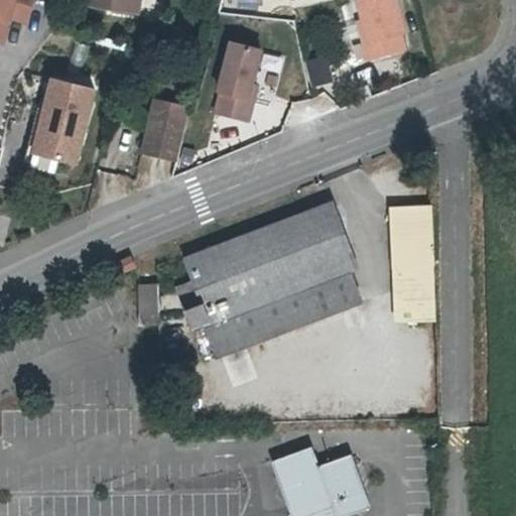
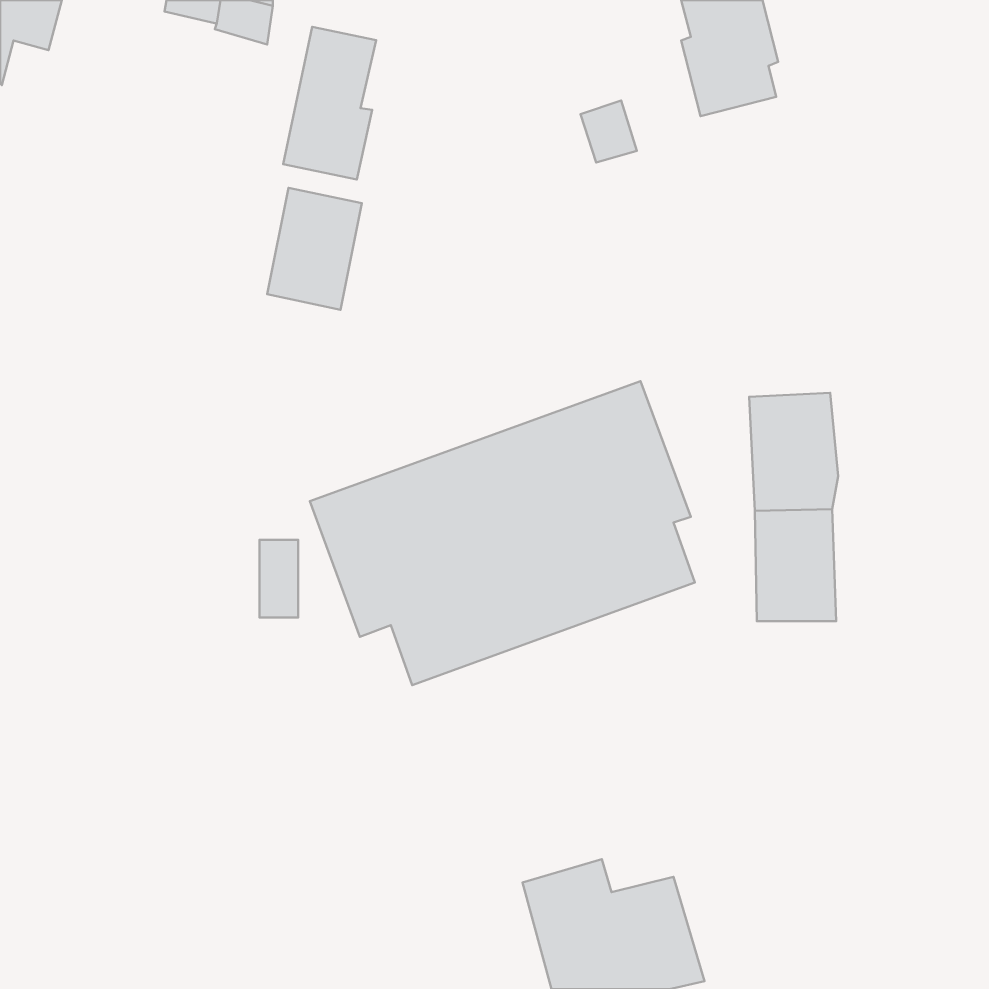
building: [213,42,261,122] -> [283,27,376,180]
building: [27,78,95,165] -> none

